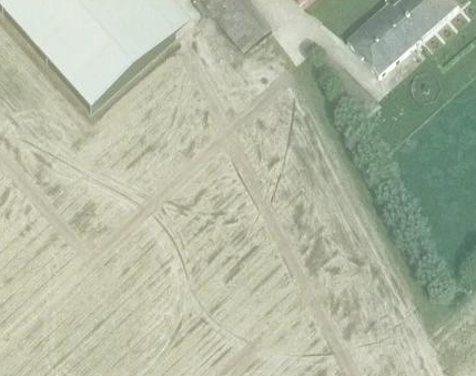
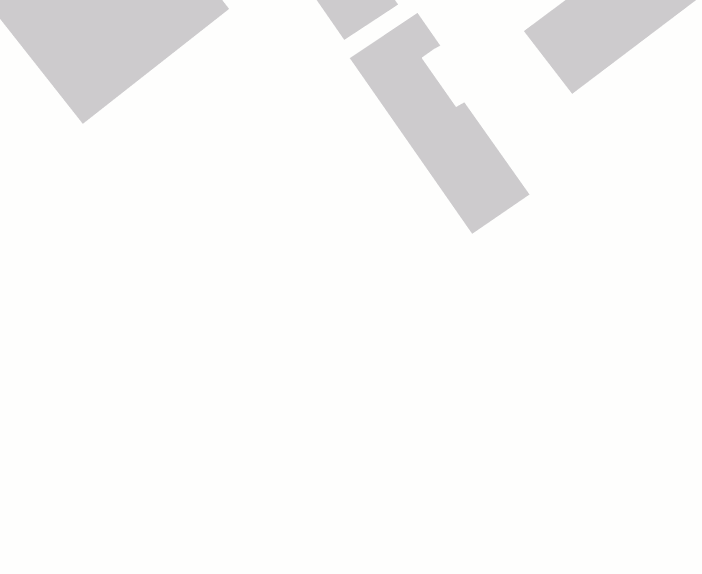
building: none -> [349,12,530,235]

